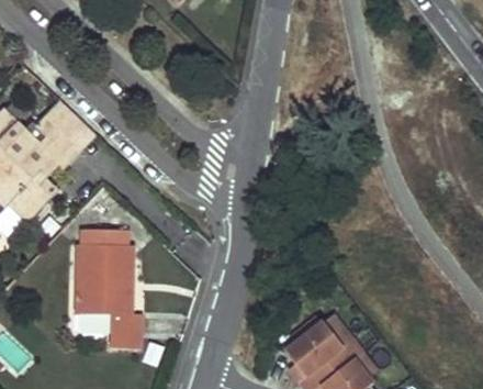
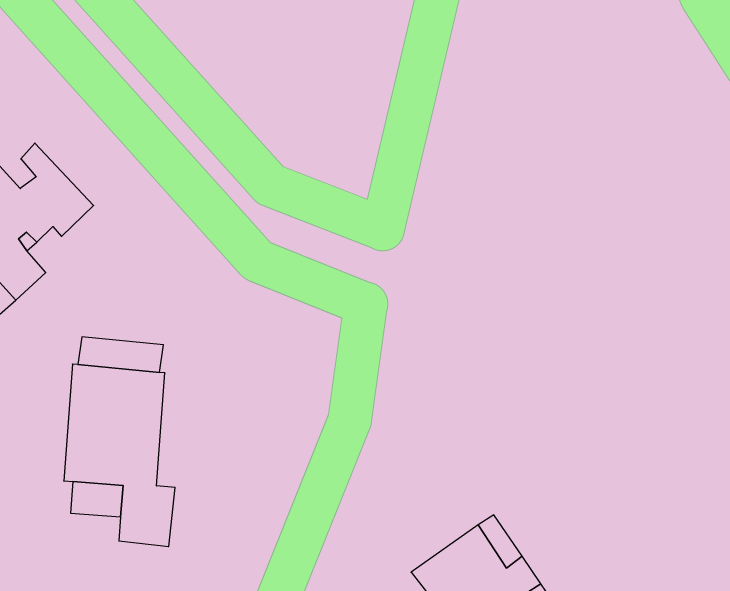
building: [44,100,96,151] -> none

